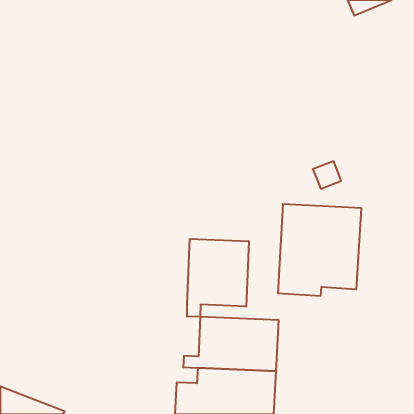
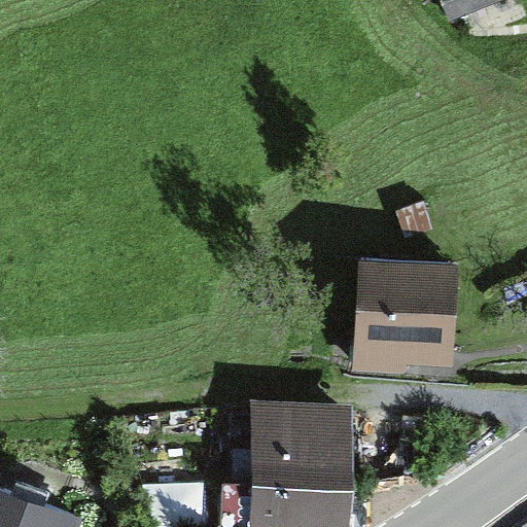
building: [187,239,249,317] -> none

